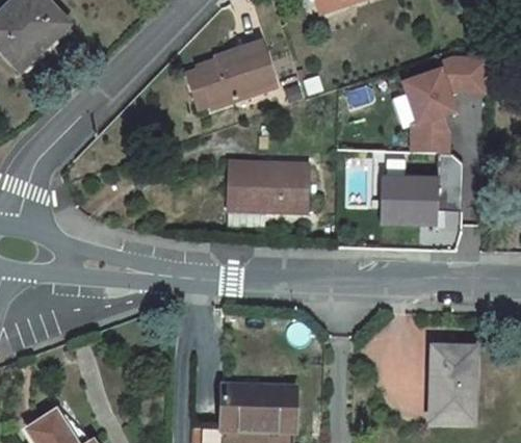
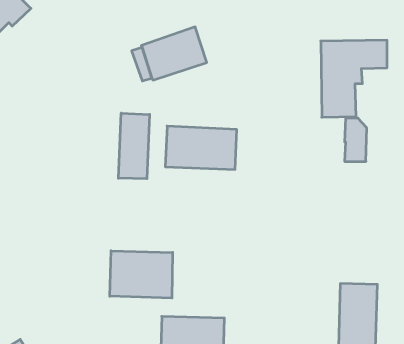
building: none -> [118,113,150,179]
building: [380,178,438,224] -> none
building: none -> [110,251,173,298]

